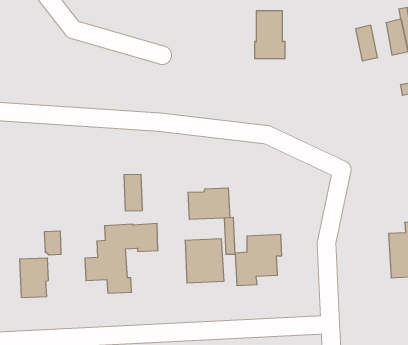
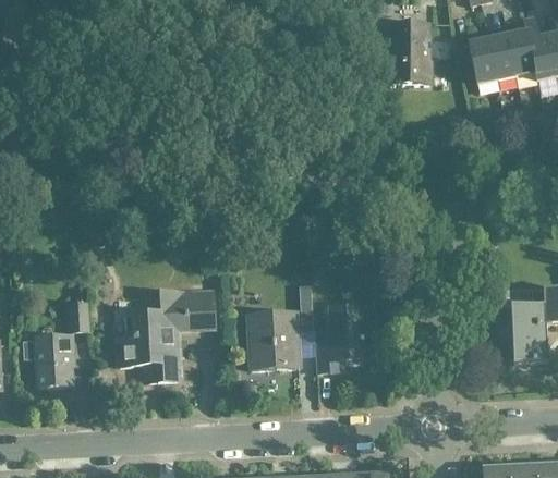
building: [255,11,285,59] -> [390,24,429,85]
building: none -> [487,35,514,79]
building: [124,174,142,211] -> none
building: [188,188,230,219] -> none

